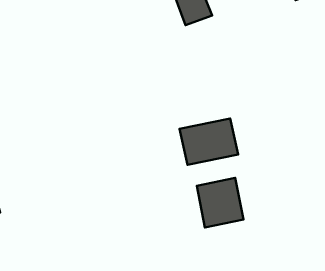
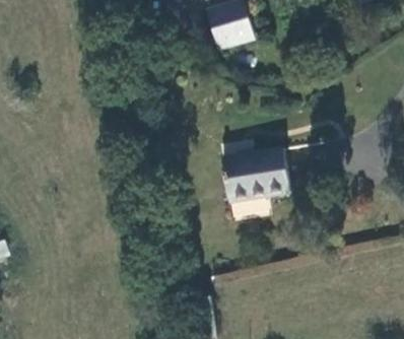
building: [197,178,243,227] -> none

